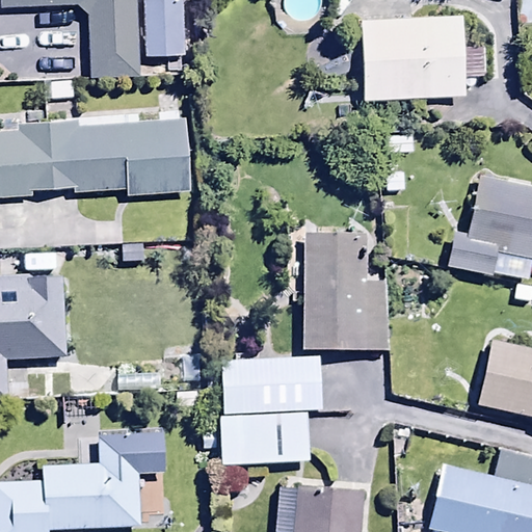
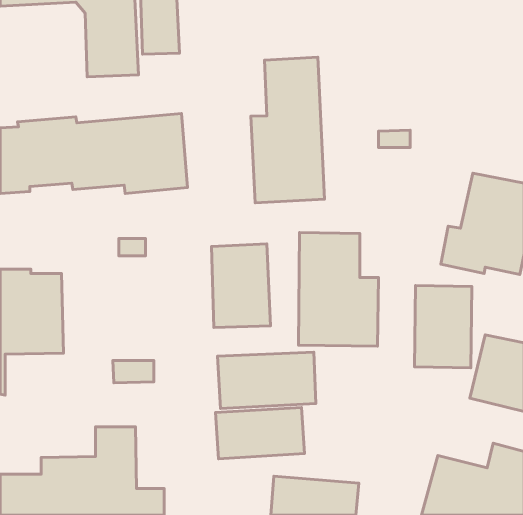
building: [361,15,468,100] -> none
building: none -> [251,57,325,203]
building: none -> [212,244,270,328]
building: none -> [415,285,472,368]

